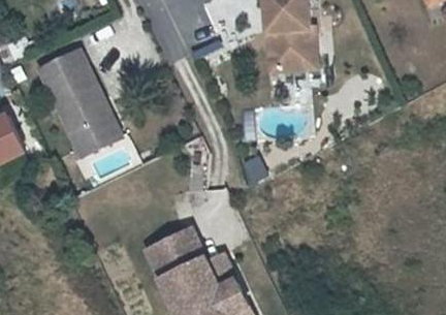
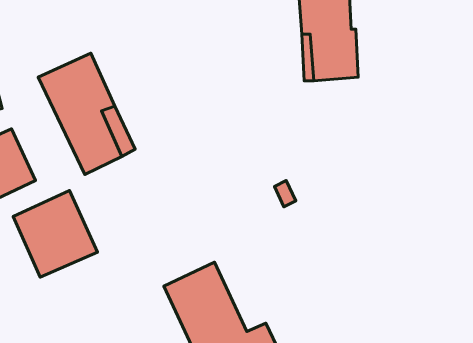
building: none -> [13,191,97,277]

